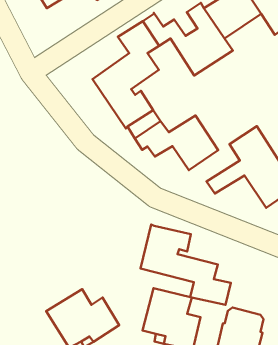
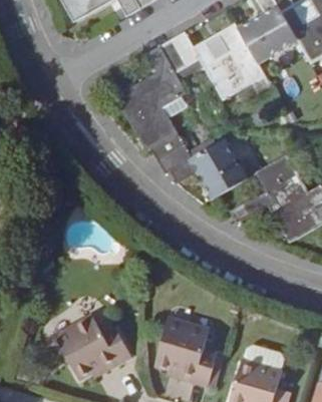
building: [141,225,231,305] -> none

